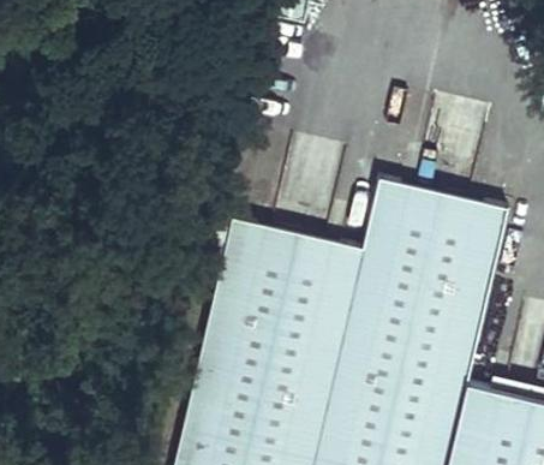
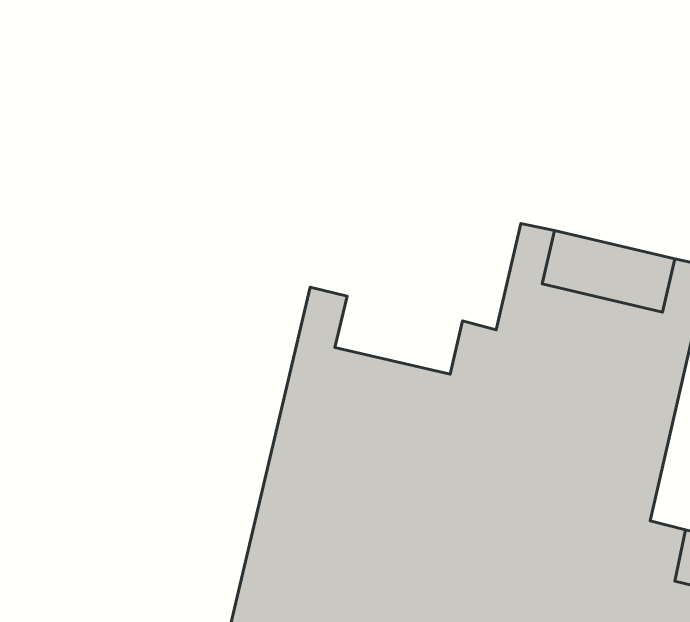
building: [249,237,335,290] -> none

